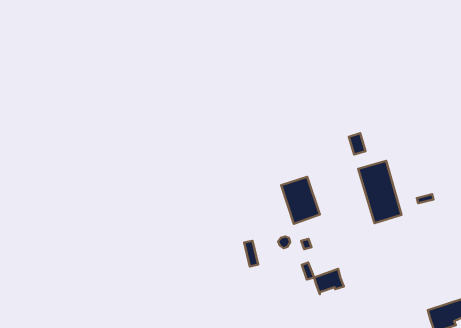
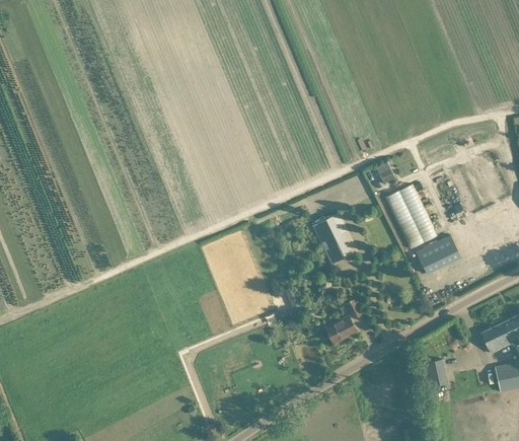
building: none -> [416,235,460,274]
building: [314,269,344,294] -> [324,315,356,344]

